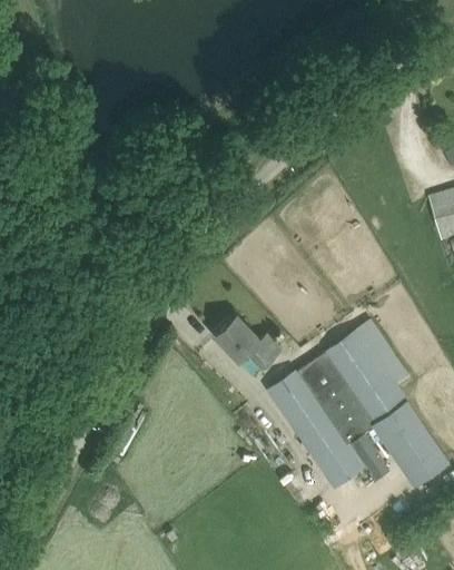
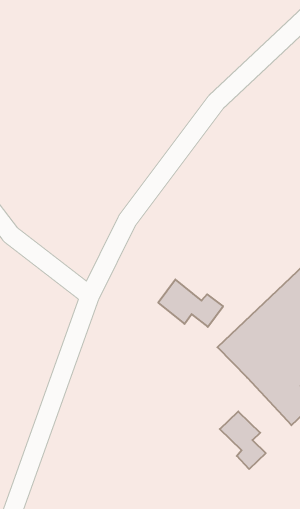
building: none -> [220,411,266,469]

